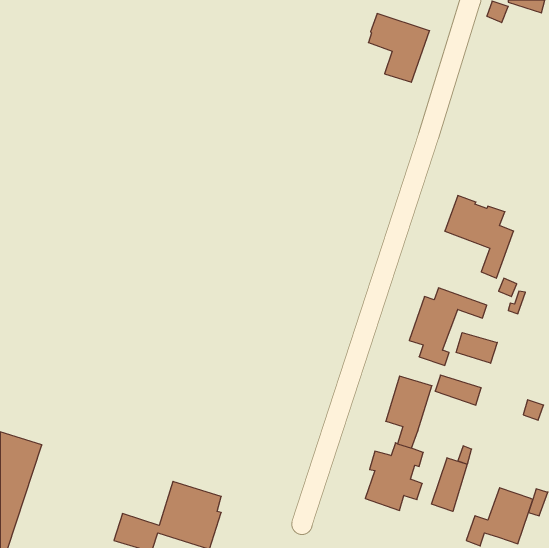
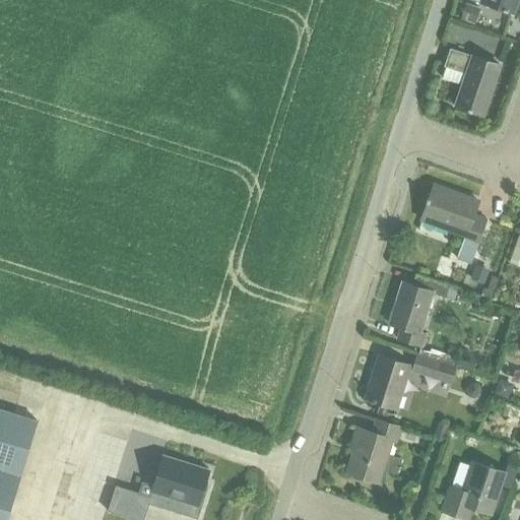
building: [368,14,430,82] -> [440,50,498,115]
building: [456,333,497,363] -> none
building: [432,458,467,511] -> none

